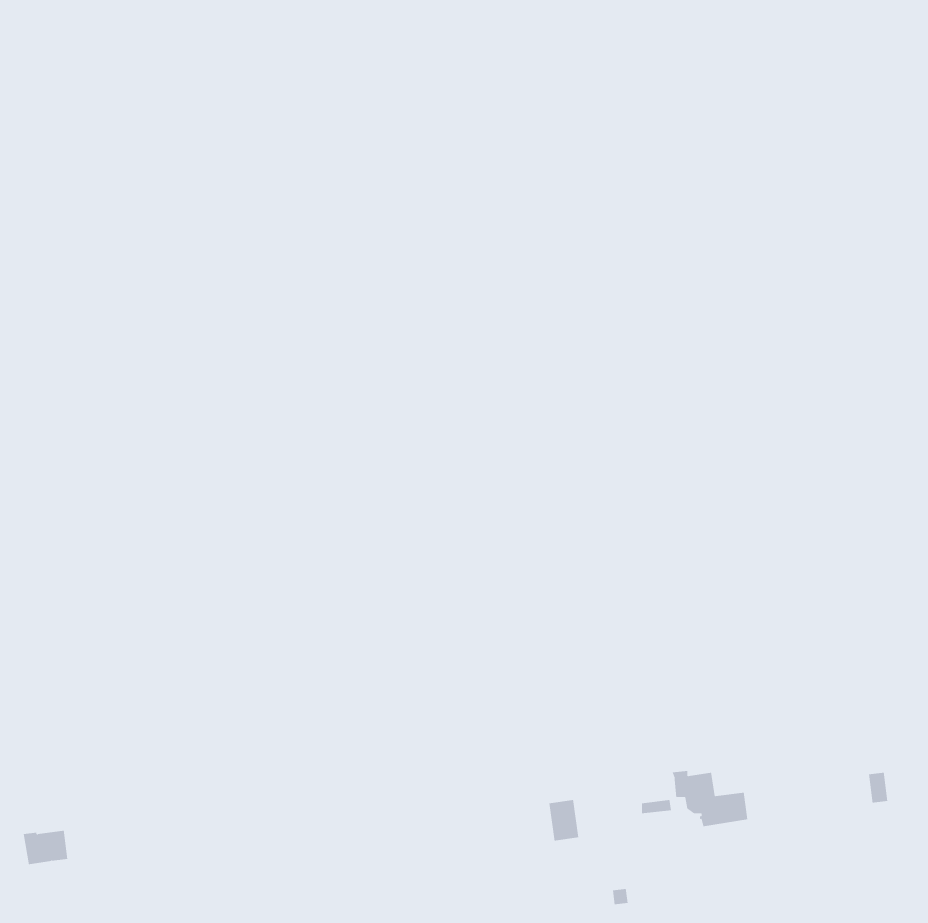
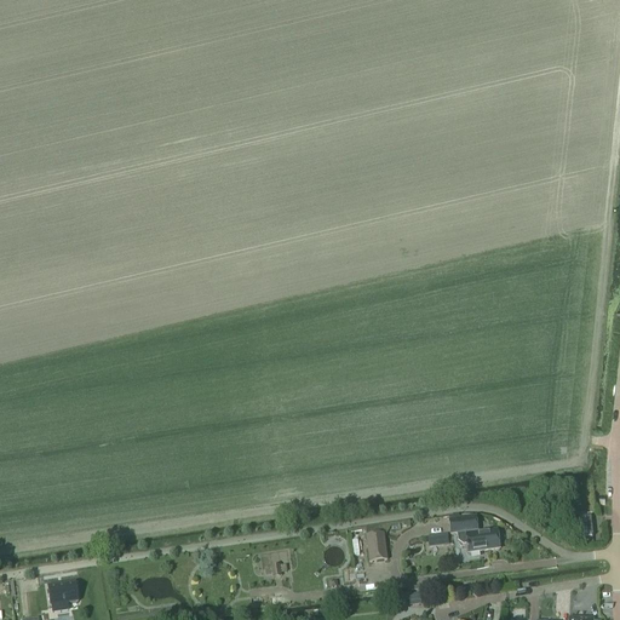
building: [23,830,68,865] -> [47,581,78,604]

